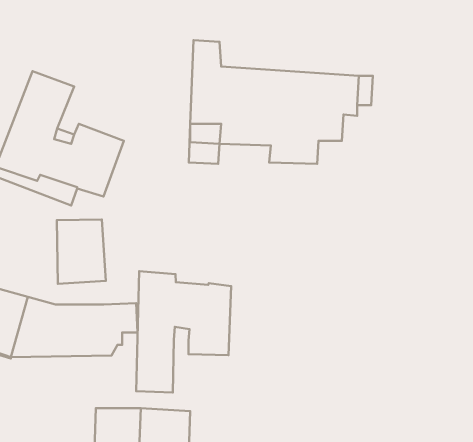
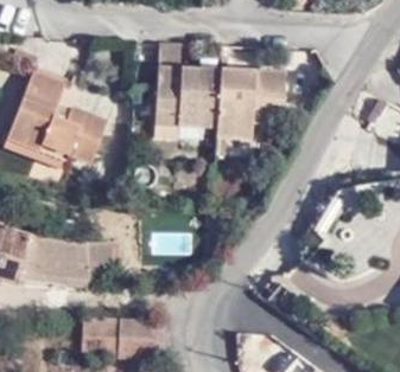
building: [57,220,106,284] -> none
building: [136,271,231,392] -> none

